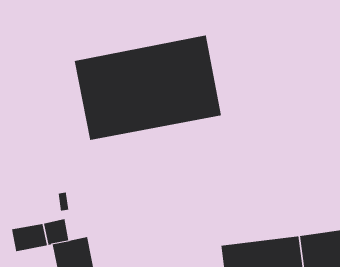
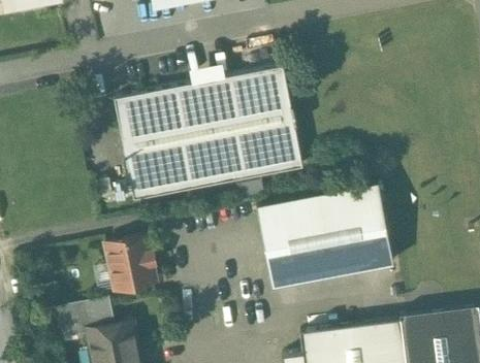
building: none -> [256,184,393,288]
building: none -> [105,237,156,292]

